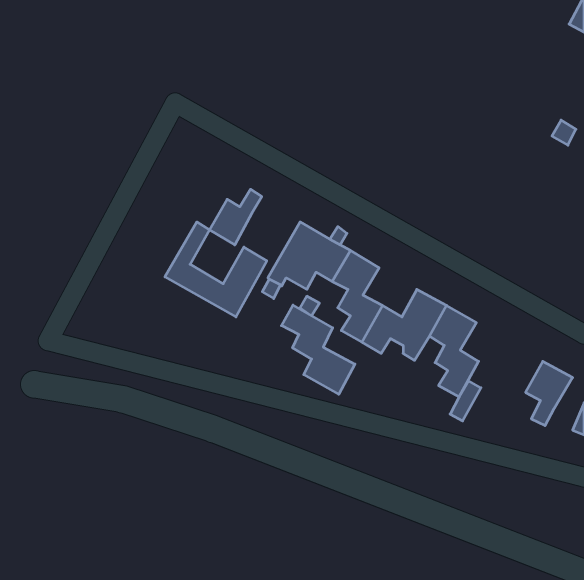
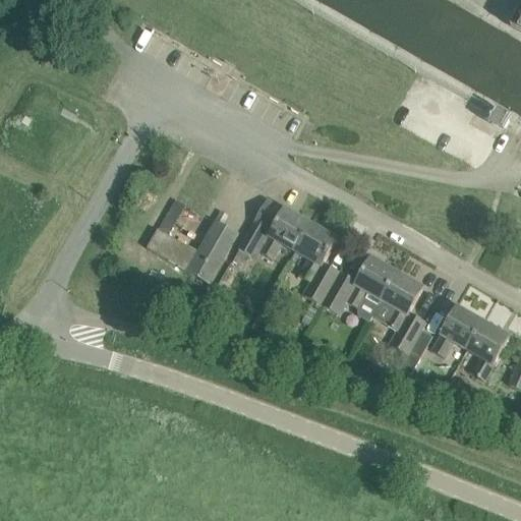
building: [210,189,262,245] -> none
building: [281,305,355,394] -> none
building: none -> [432,306,482,356]

